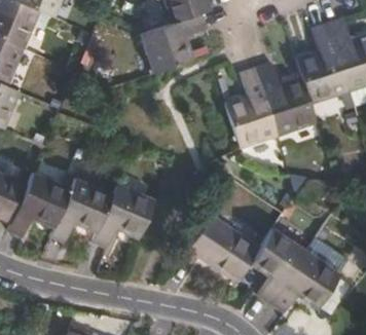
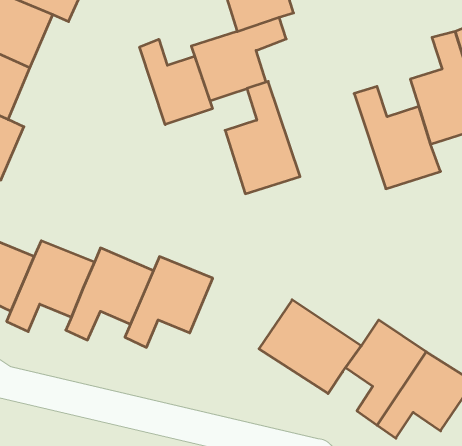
building: none -> [140,39,212,125]
building: [224,68,278,148] -> [225,81,300,194]

